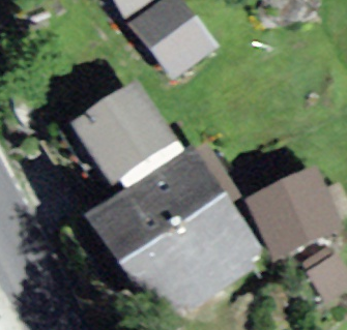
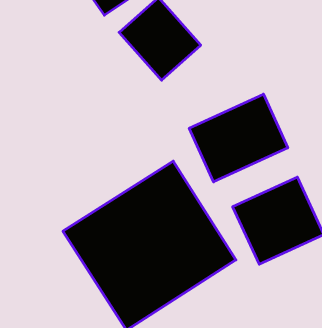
building: none -> [189,94,288,182]
building: [78,95,170,184] -> none

